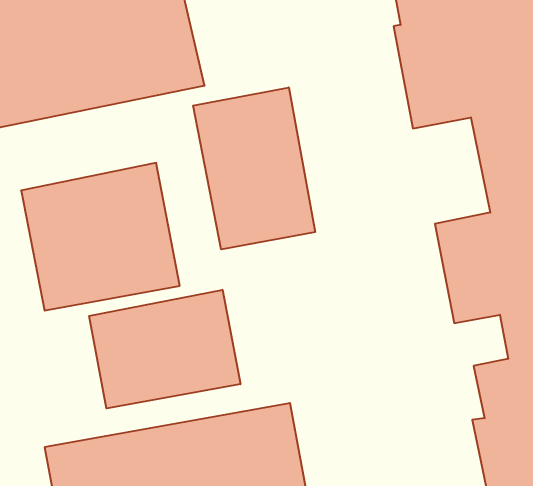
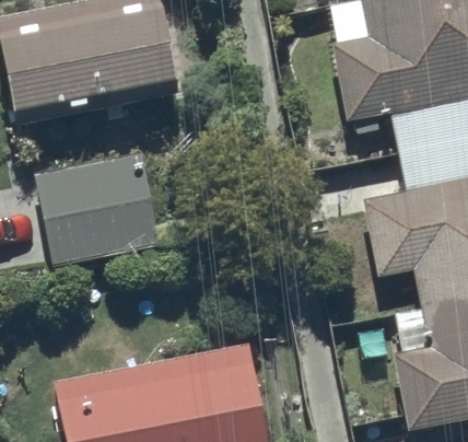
building: [193,87,315,249] -> none
building: [89,290,240,408] -> none

